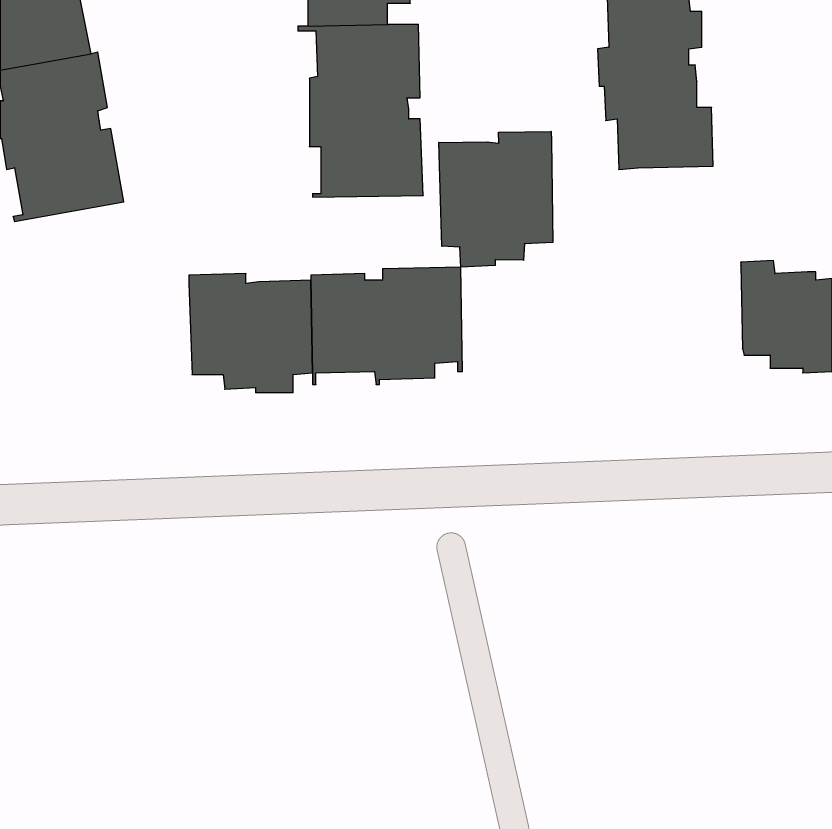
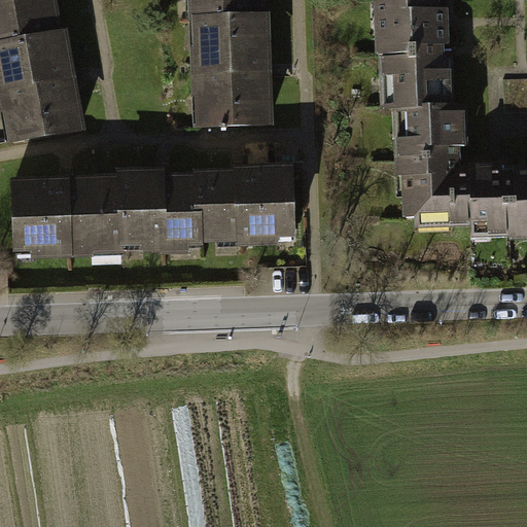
building: [439,131,553,267] -> none
building: none -> [397,105,469,220]
building: none -> [12,179,121,251]

